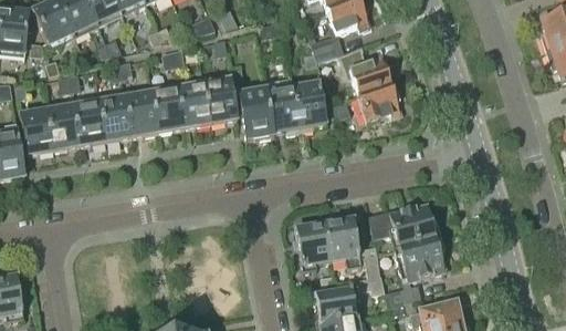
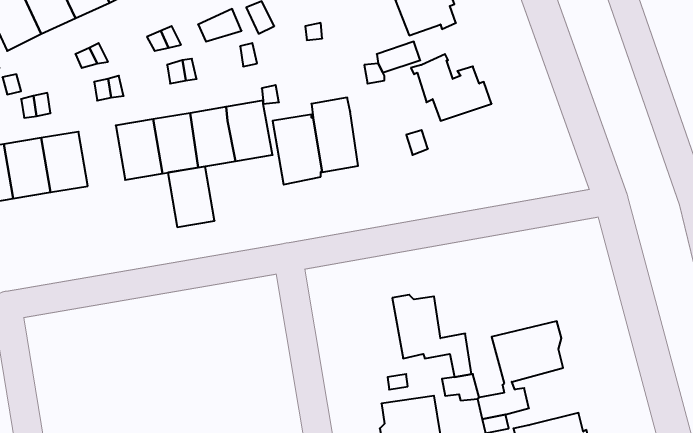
building: [357,81,399,122] -> none
building: [293,82,326,125] -> none
building: [99,96,133,139] -> [168,166,215,227]
building: [368,203,440,247] -> none
building: [295,219,331,270] -> none

